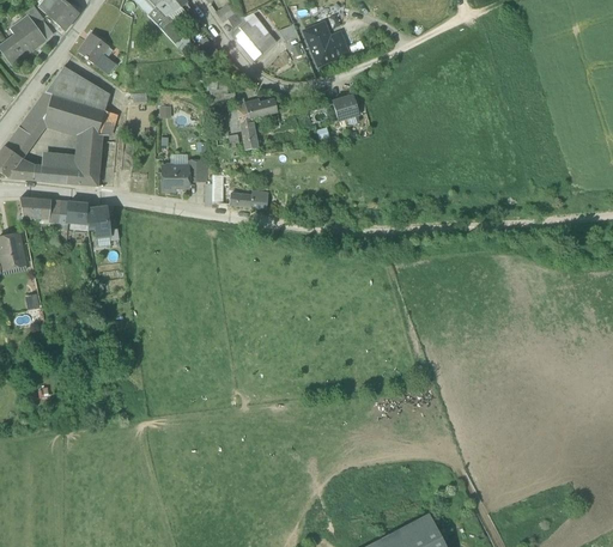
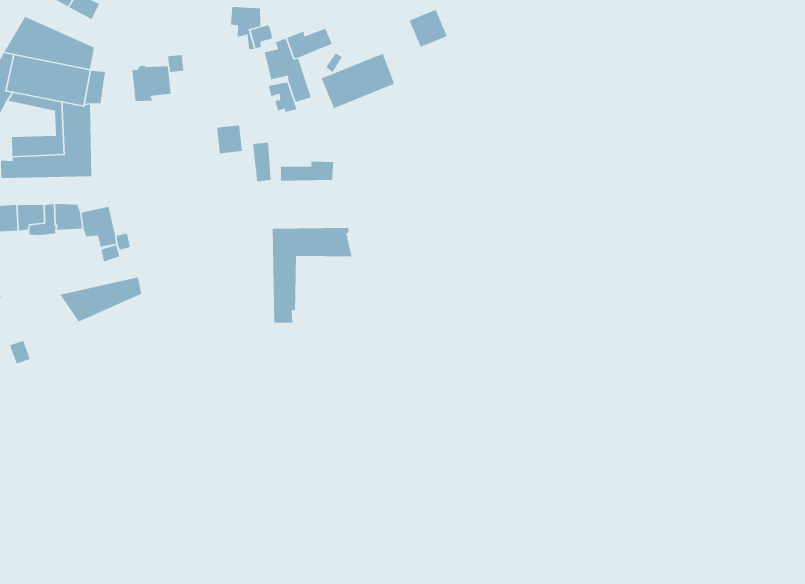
building: none -> [320,53,395,109]
building: [162,164,188,190] -> [131,65,172,102]
building: none -> [272,227,352,323]
building: none -> [59,276,142,322]

